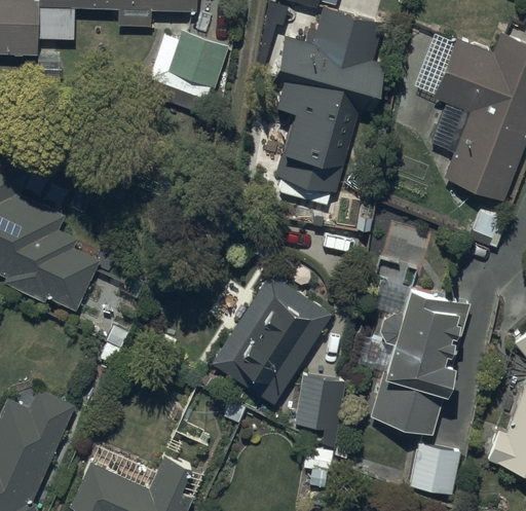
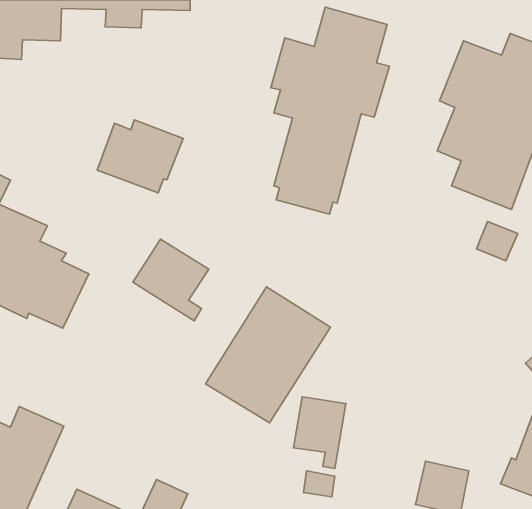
building: [148,31,229,100] -> [97,120,183,193]
building: none -> [133,239,209,321]
building: [353,283,471,437] -> none

